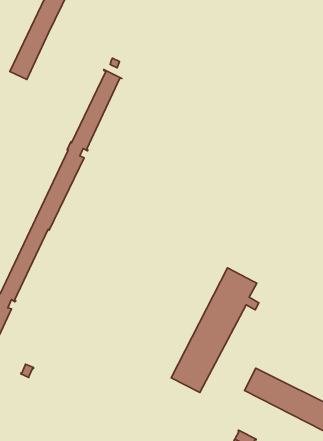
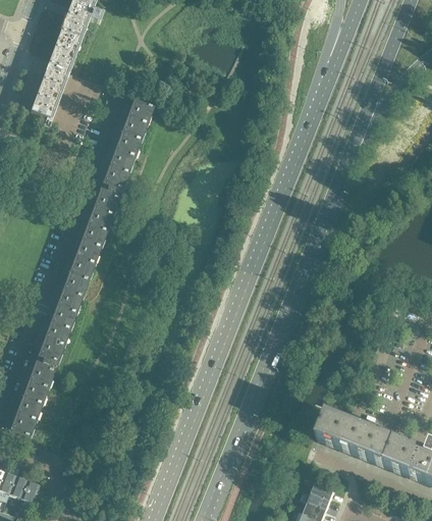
building: [171,268,259,393] -> none

